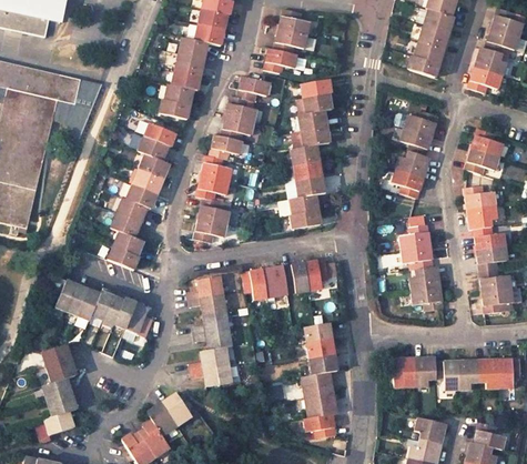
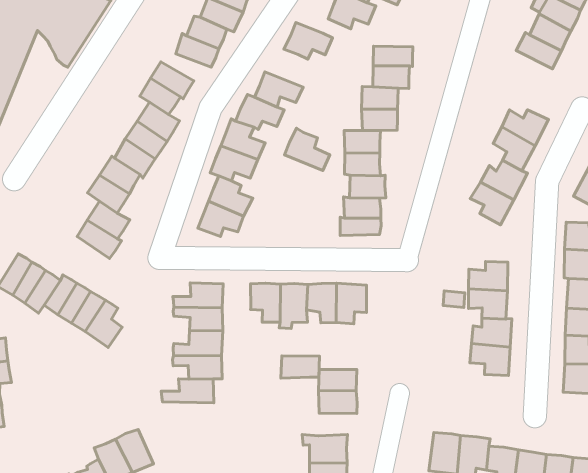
building: [224,94,257,122] -> [284,128,330,170]
building: [306,355,336,376] -> [281,356,319,378]
building: [190,365,230,387] -> none

